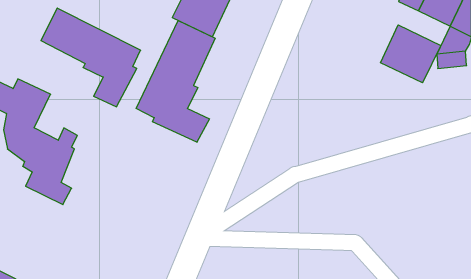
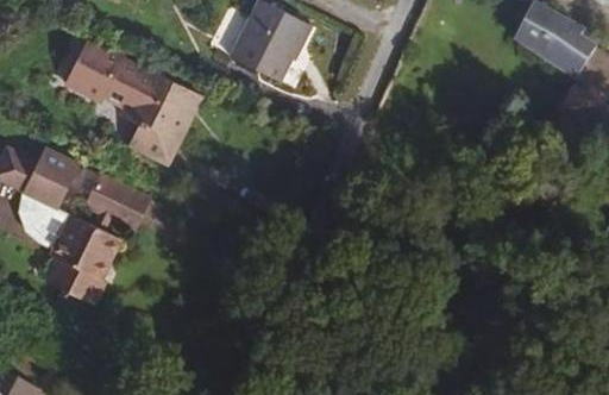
building: [136,20,215,142] -> none
building: [381,25,441,83] -> none
building: none -> [89,168,156,222]

